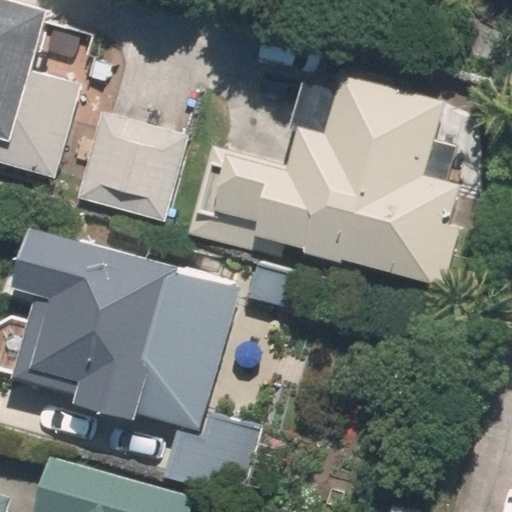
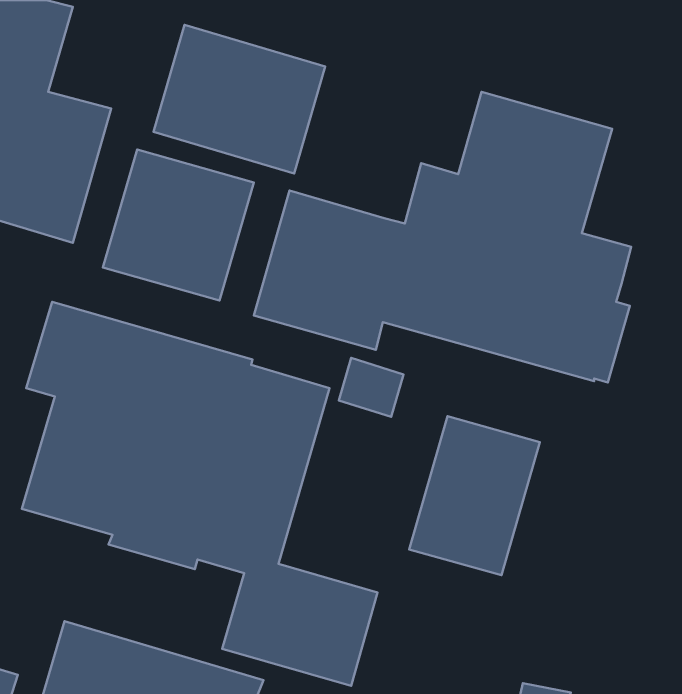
building: none -> [153,25,325,174]
building: none -> [409,416,540,575]

